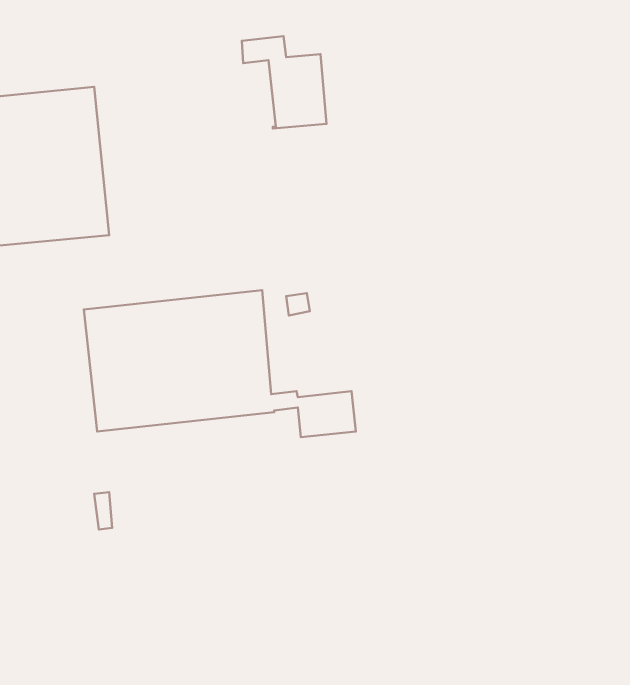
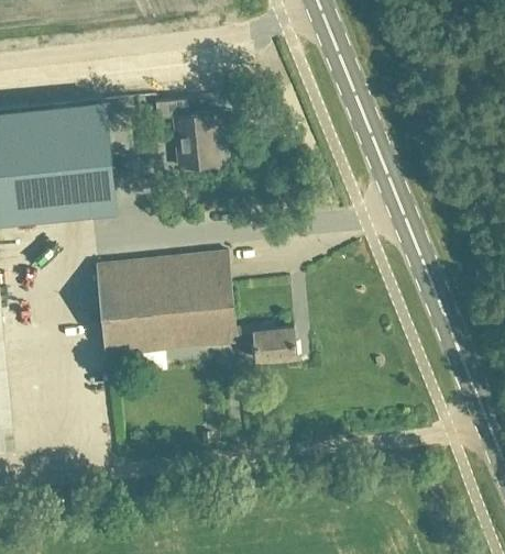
building: [242,36,326,128] -> [155,101,218,169]

